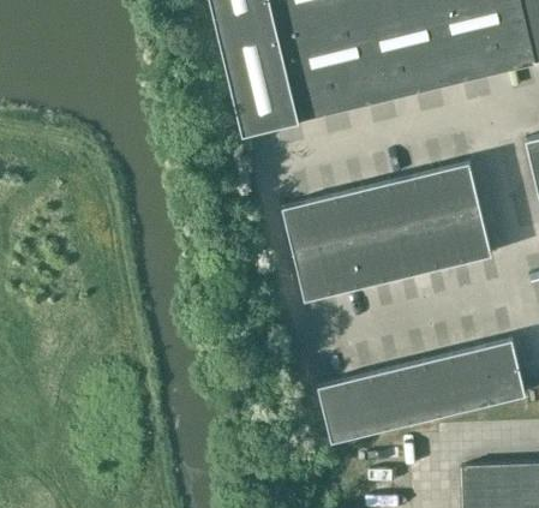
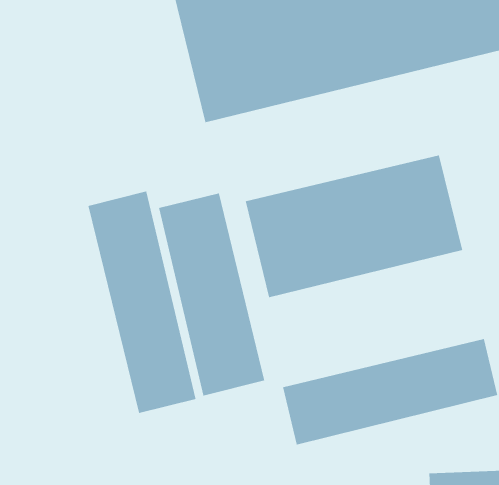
building: none -> [88,191,197,414]
building: none -> [158,193,265,397]

